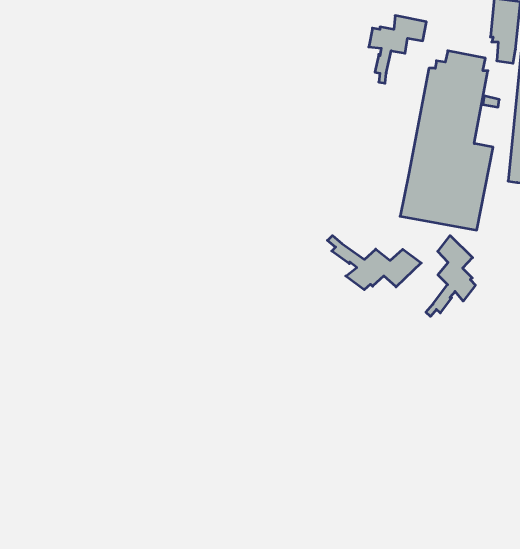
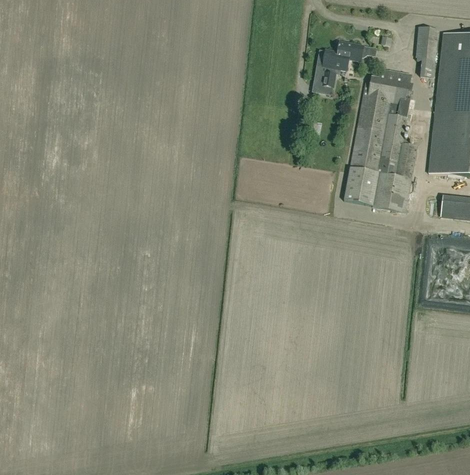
building: [426,236,475,316] -> none
building: [327,236,421,290] -> none

